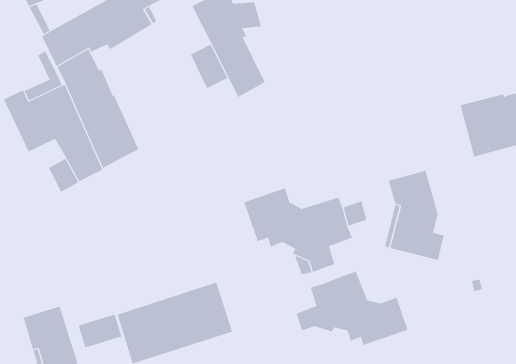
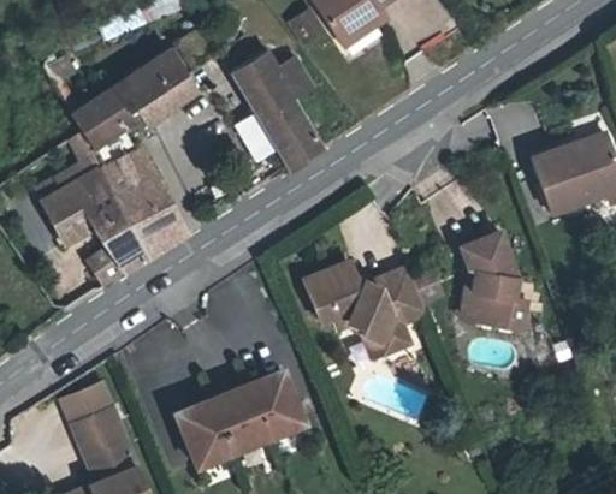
building: [296,271,408,346] -> none
building: [78,314,122,348] -> [63,383,112,423]

